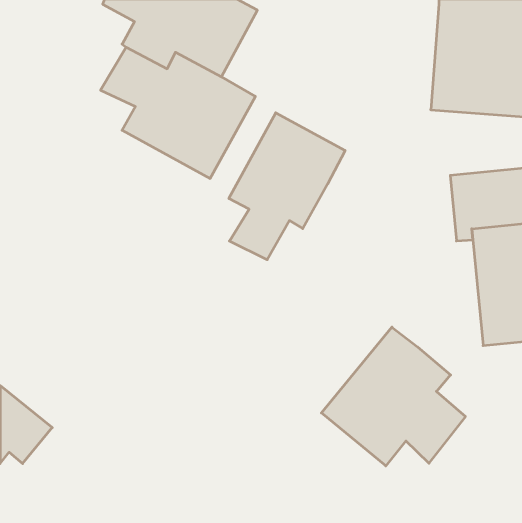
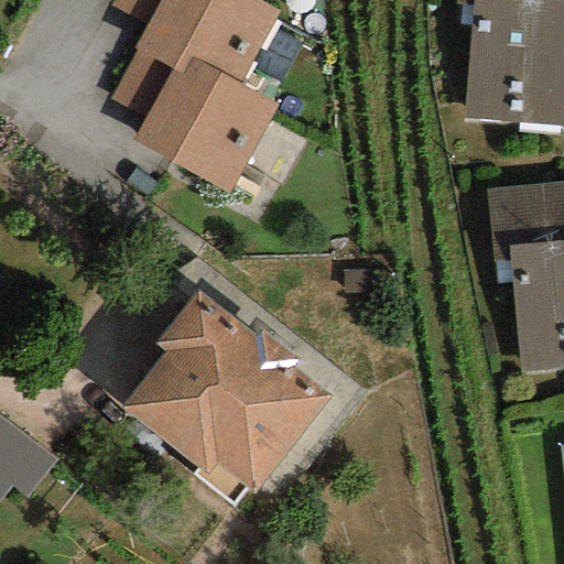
building: [229,113,345,260] -> none
building: none -> [123,290,332,506]
building: [321,327,465,466] -> none

